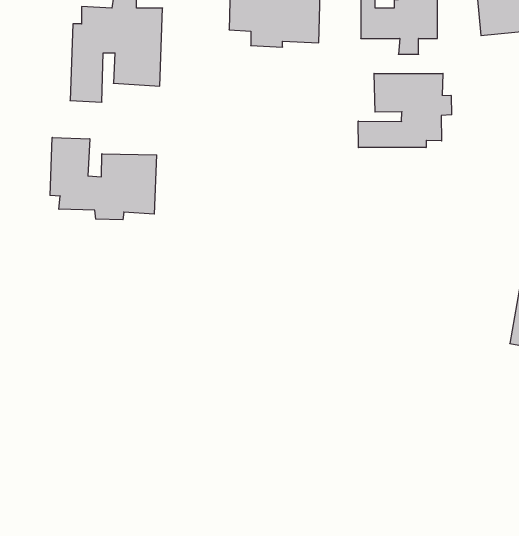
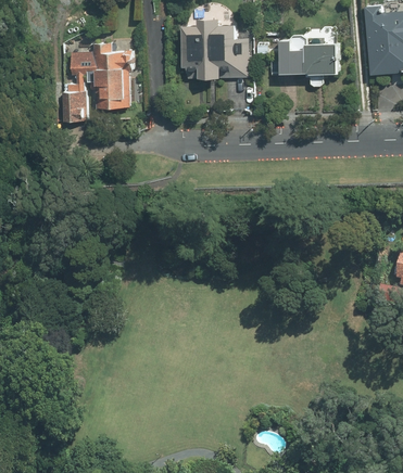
building: [358,73,452,148] -> none
building: [50,137,157,220] -> none

